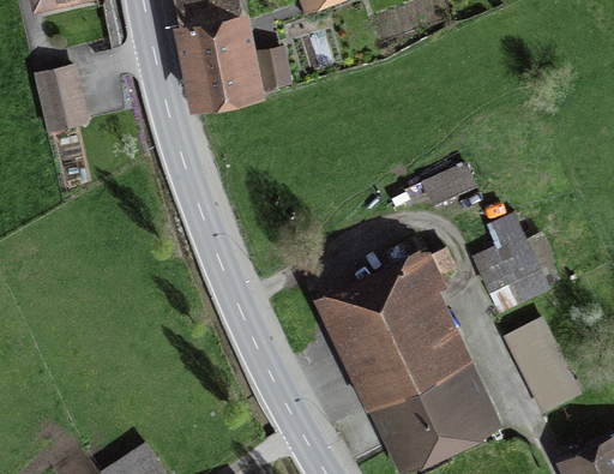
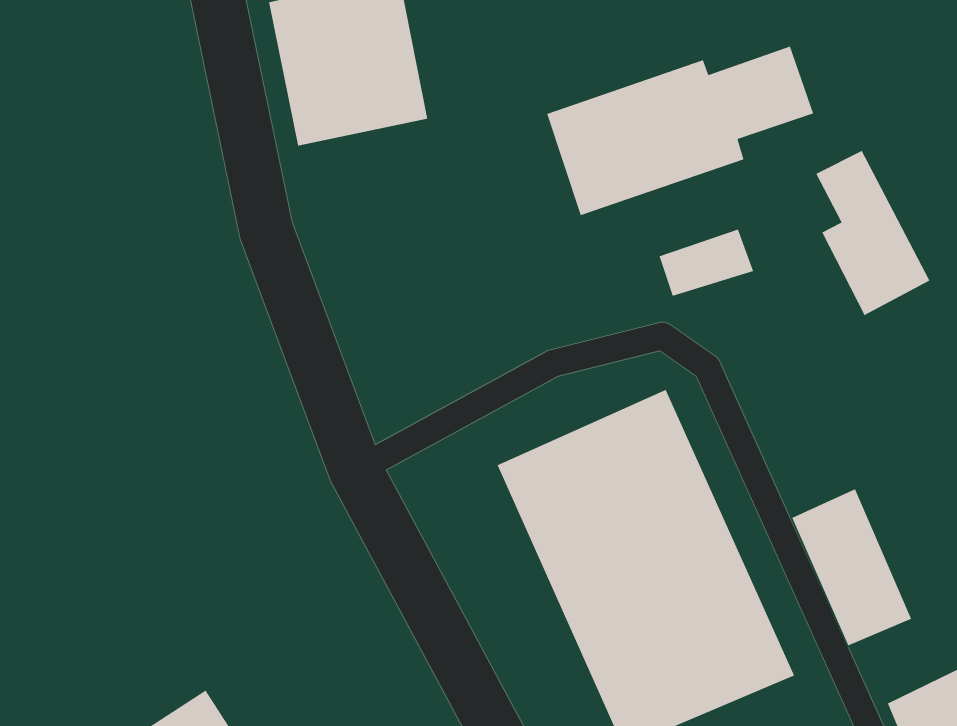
building: none -> [546,45,814,216]
building: [34,65,85,131] -> none
building: [474,205,544,307] -> [815,150,930,316]

